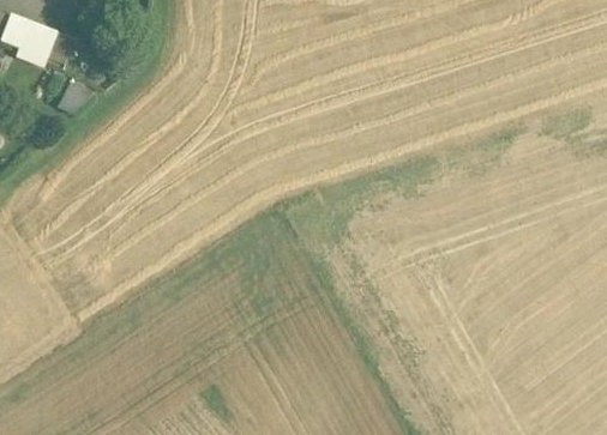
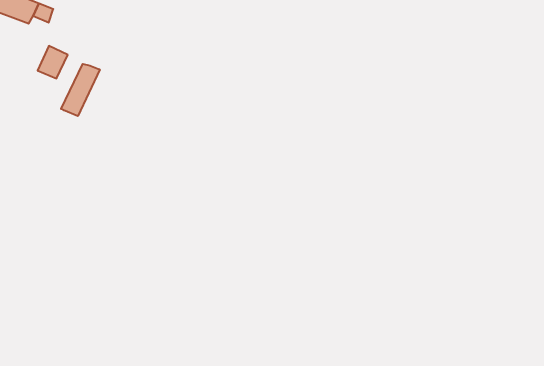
building: none -> [61,64,100,116]

